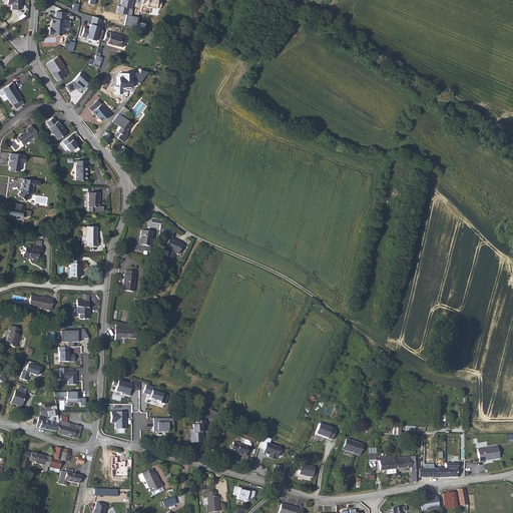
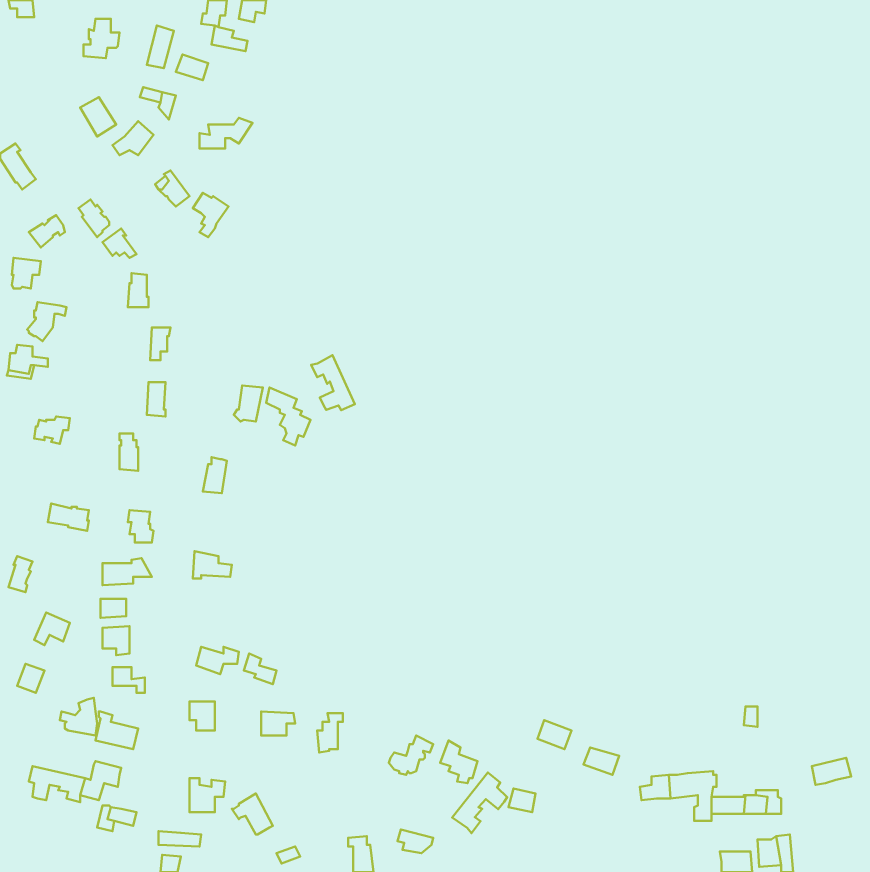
building: none -> [311,355,355,410]
building: none -> [452,773,507,833]

